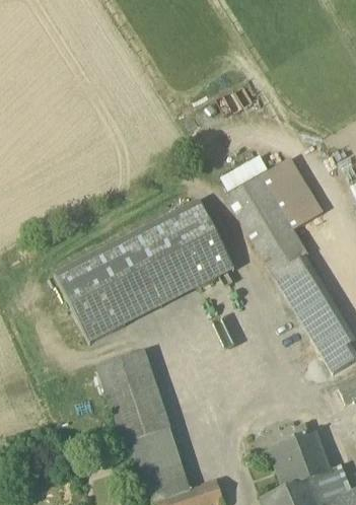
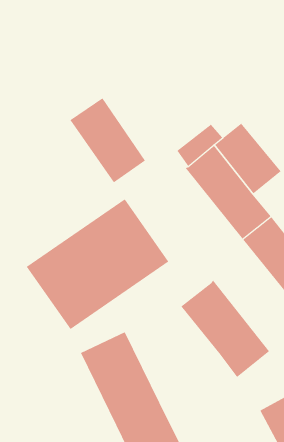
building: [162,199,233,286] -> [69,97,146,183]
building: none -> [180,280,270,378]

